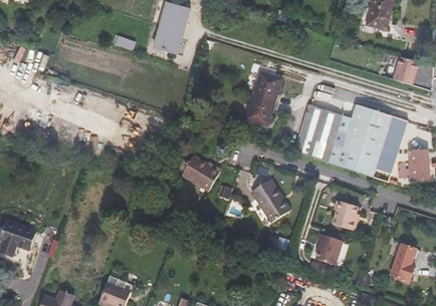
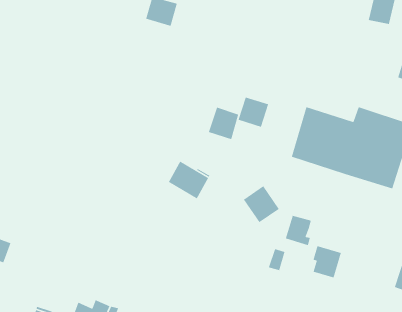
building: [152,24,184,55] -> none
building: [252,71,281,102] -> [208,107,239,140]
building: [332,201,357,230] -> [285,215,312,246]

